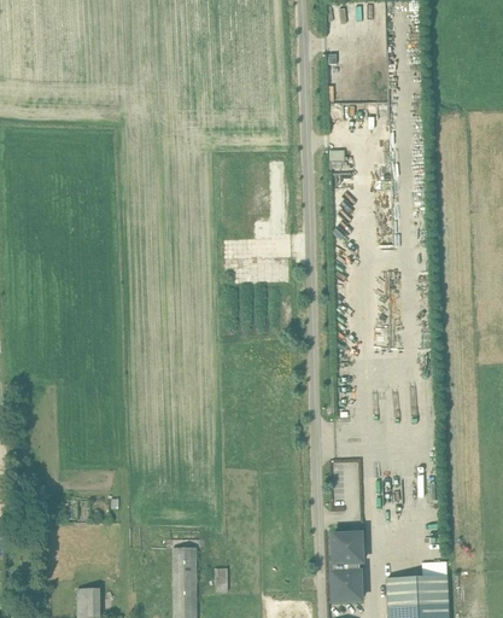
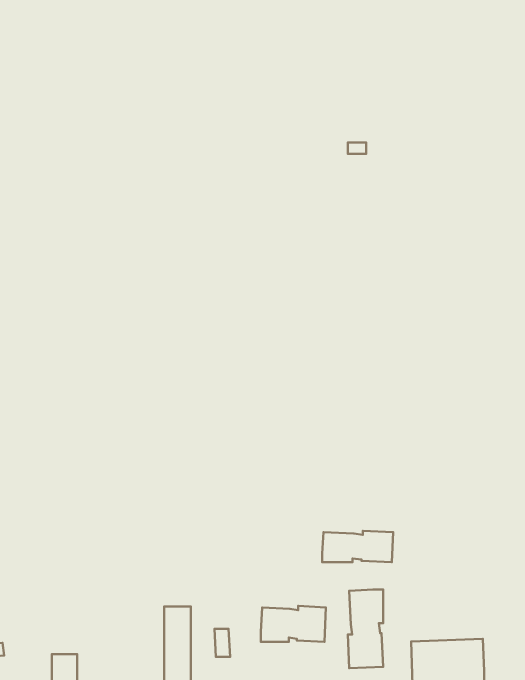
building: none -> [322,531,393,562]
building: none -> [261,606,326,642]

